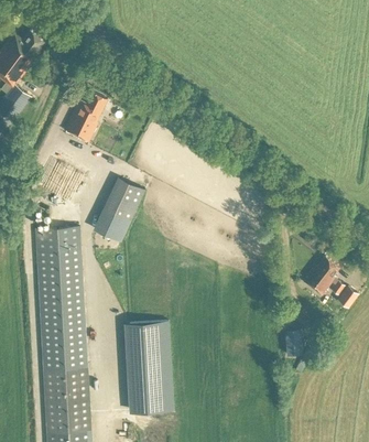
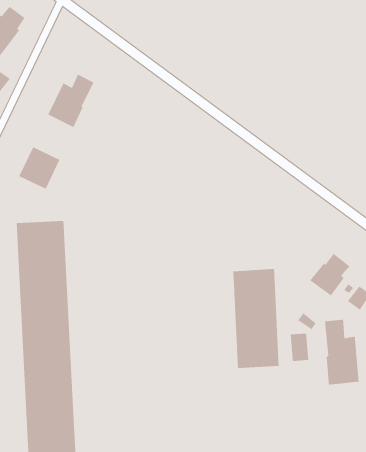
building: [93,179,143,244] -> none
building: none -> [324,319,359,385]
building: [129,321,172,412] -> [232,268,280,369]

